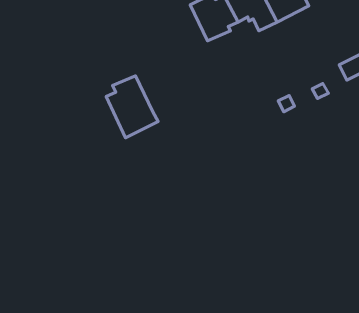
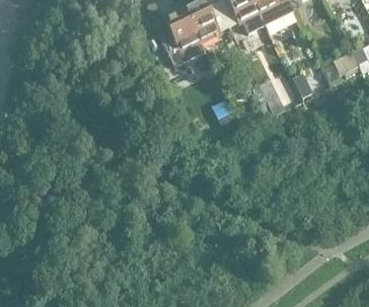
building: [106,76,158,138] -> [157,8,206,66]

